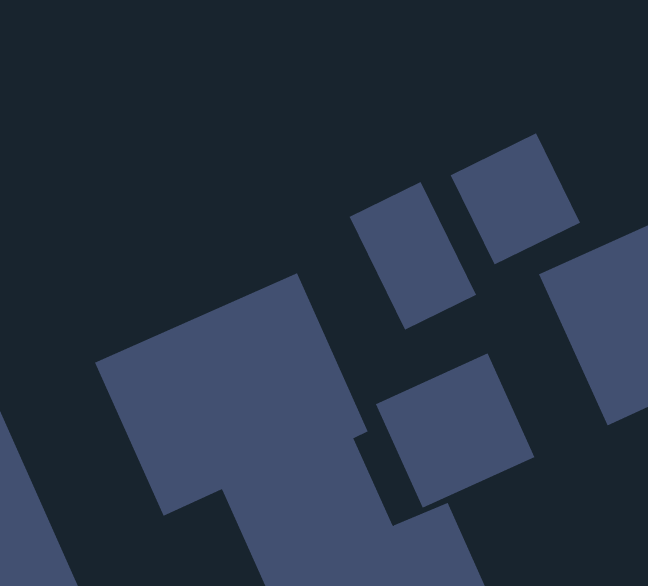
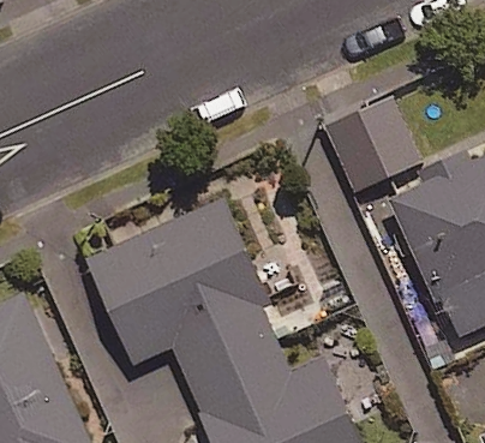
building: [349,181,477,330] -> none
building: [375,353,535,508] -> none

